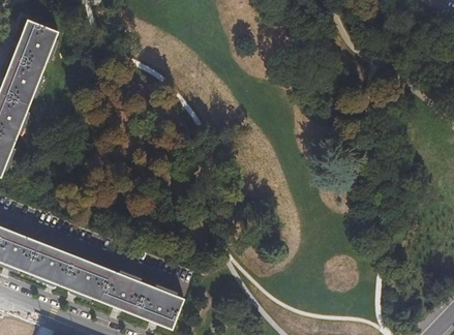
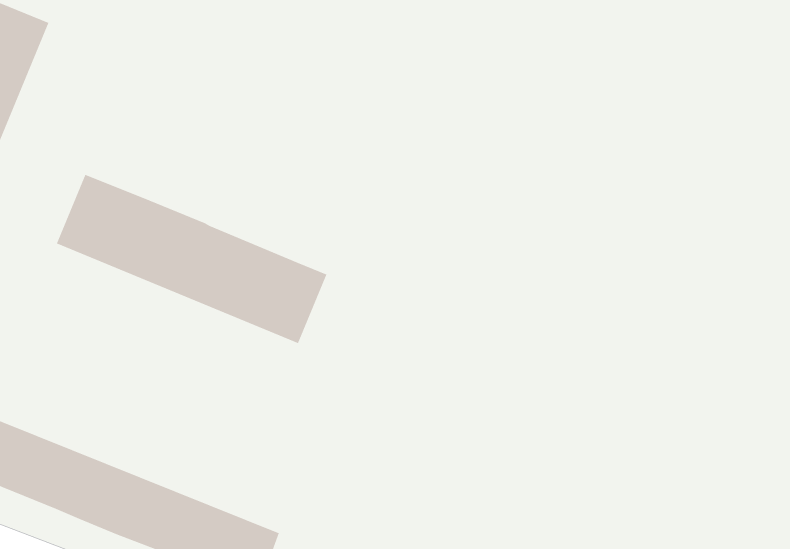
building: none -> [56,174,328,344]

